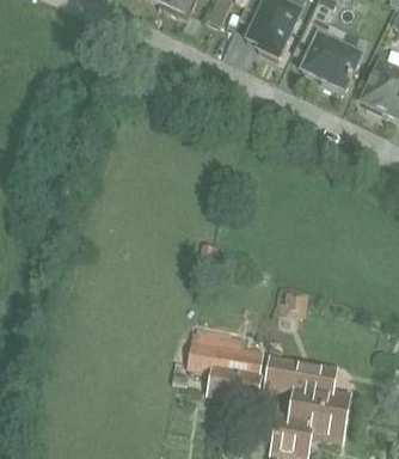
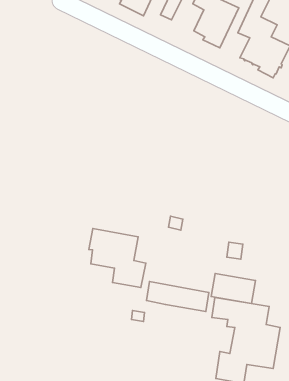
building: none -> [89,229,146,288]
building: [208,365,260,400] -> [211,273,255,303]

